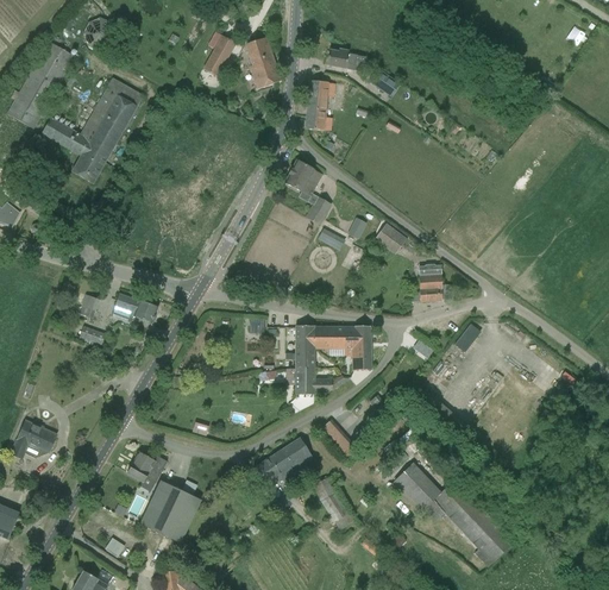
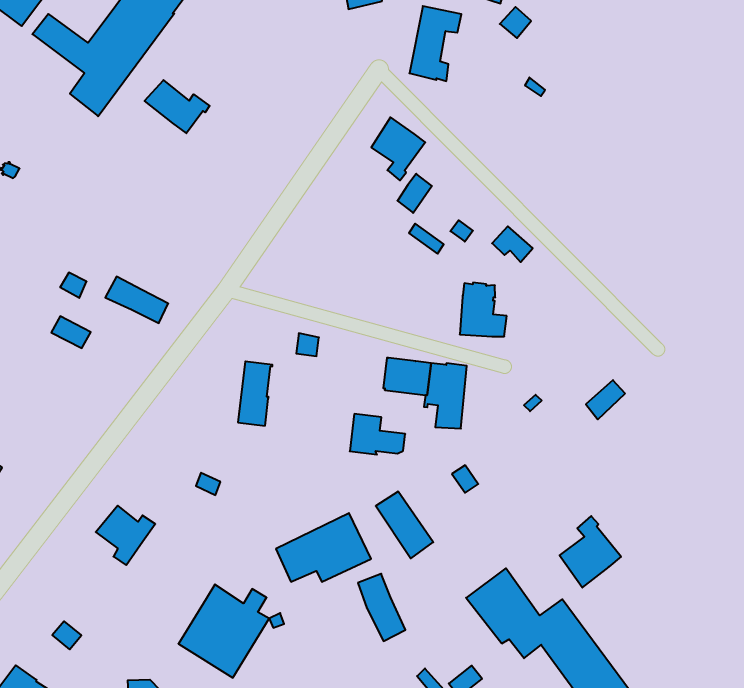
building: none -> [145,80,210,133]
building: [419,264,451,301] -> [460,283,507,337]
building: [296,325,315,368] -> [238,361,272,426]
building: none -> [560,516,621,588]
building: [140,479,201,542] -> [178,584,269,678]

